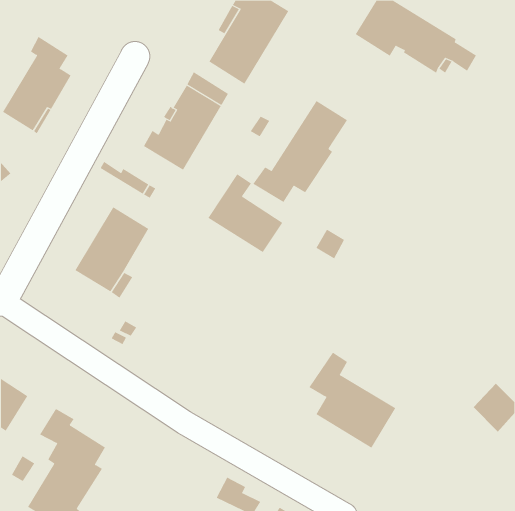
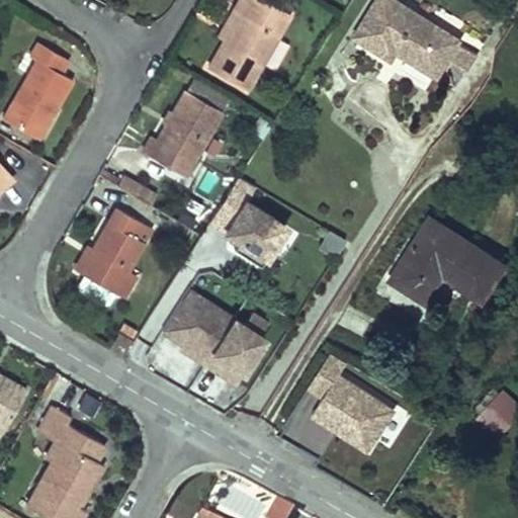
building: [253,100,348,203] -> none
building: none -> [394,221,505,304]
building: none -> [164,290,256,370]

